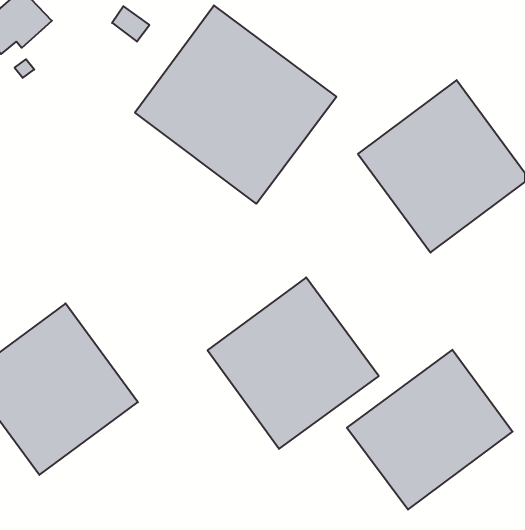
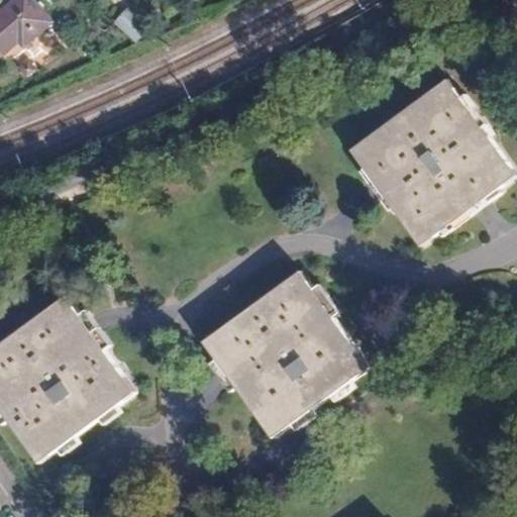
building: [135,5,336,204] -> none
building: [347,350,513,510] -> none

